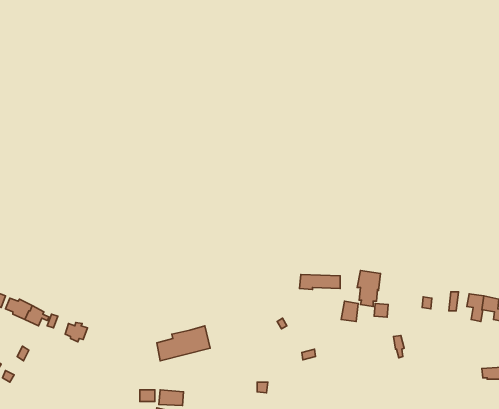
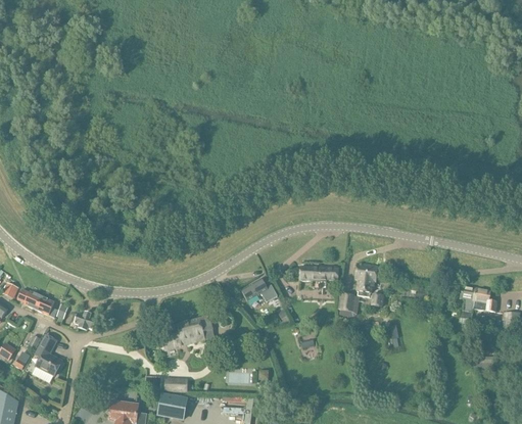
building: none -> [242,278,278,305]
building: none -> [36,334,62,375]

